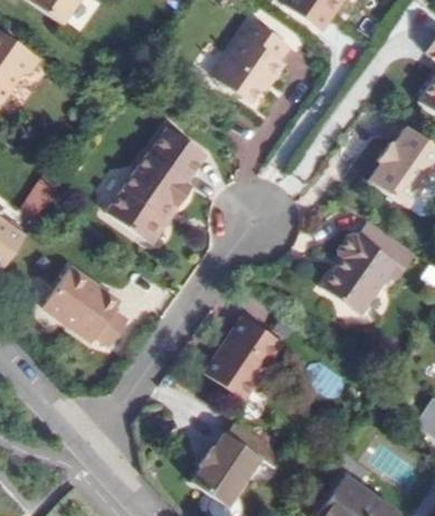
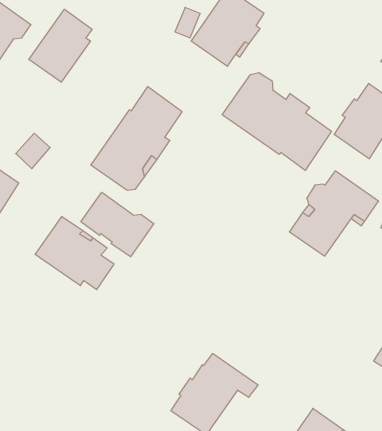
building: none -> [29,9,92,82]
building: none -> [222,72,331,170]
building: none -> [81,192,154,257]
building: [208,313,286,397] -> none

